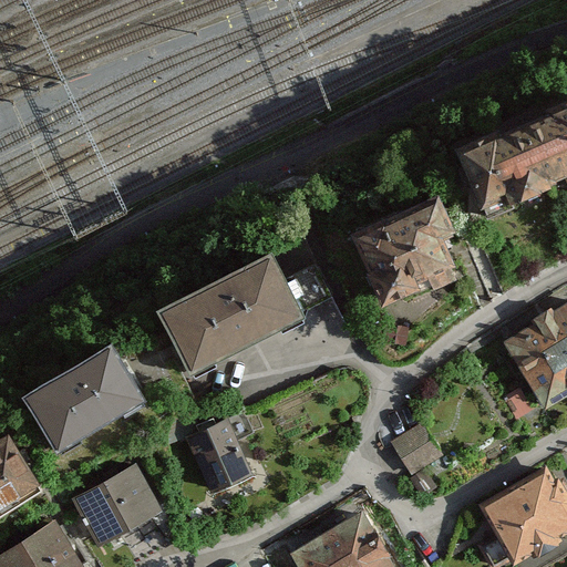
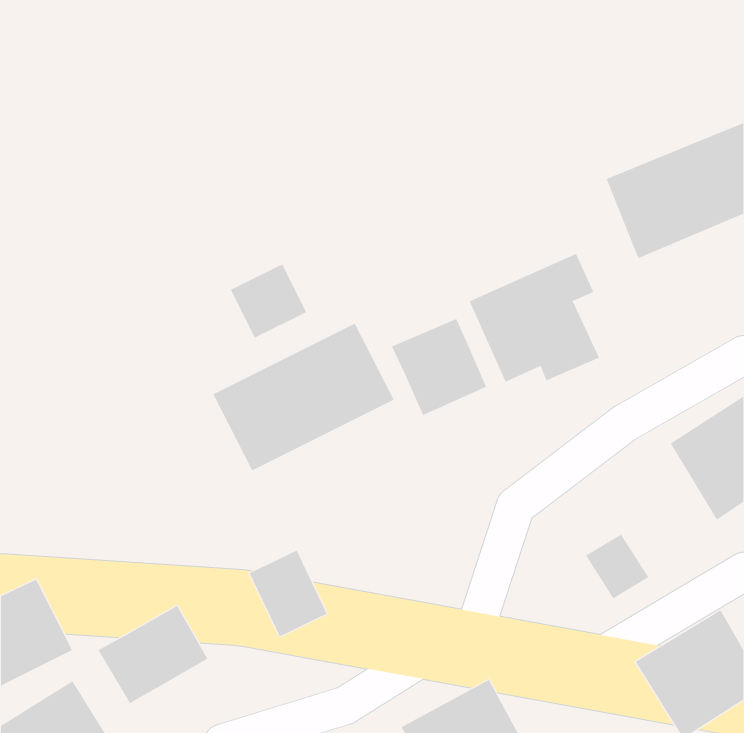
building: none -> [230,264,307,338]
building: none -> [391,318,487,416]
building: [25,347,140,447] -> none
building: [393,430,442,480] -> [585,534,649,599]

